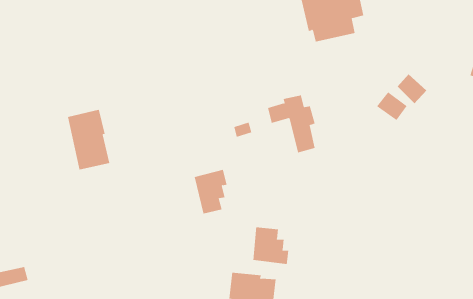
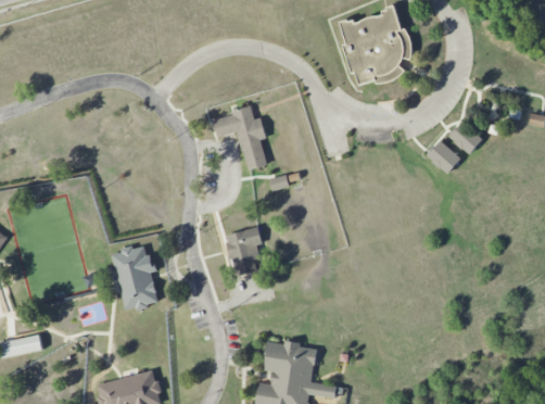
building: [267,95,315,153] -> [213,105,266,169]
building: [67,109,110,170] -> [111,243,159,311]
building: [253,227,289,265] -> none

